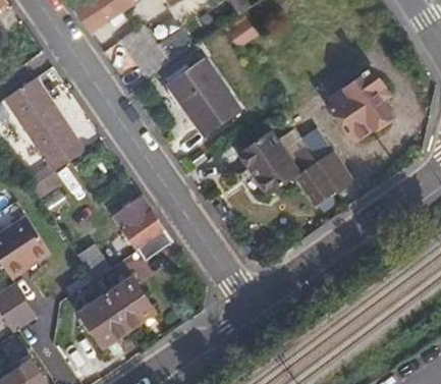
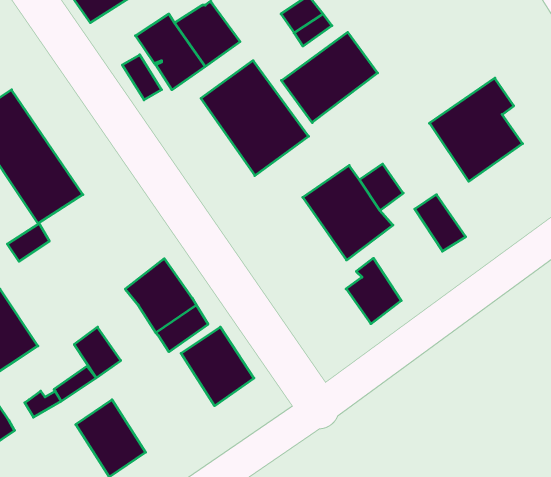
building: none -> [281,32,378,123]
building: [297,161,336,207] -> [346,258,401,324]
building: [105,276,156,331] -> [181,327,254,406]

